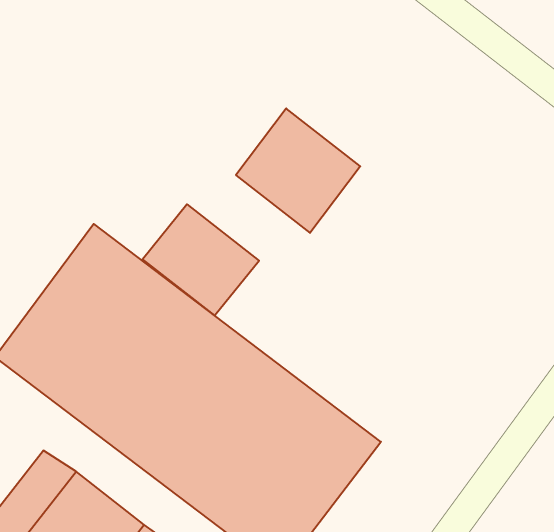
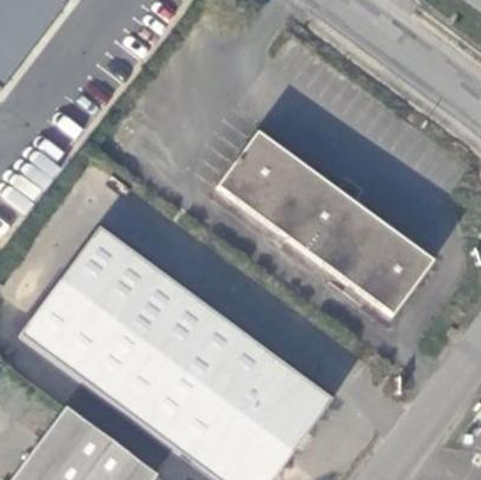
building: none -> [277,177,429,316]
building: [142,204,259,316] -> none

